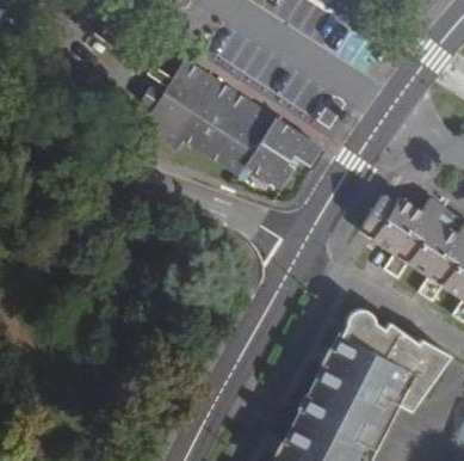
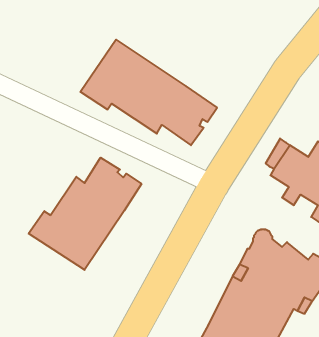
building: none -> [29,158,141,270]

